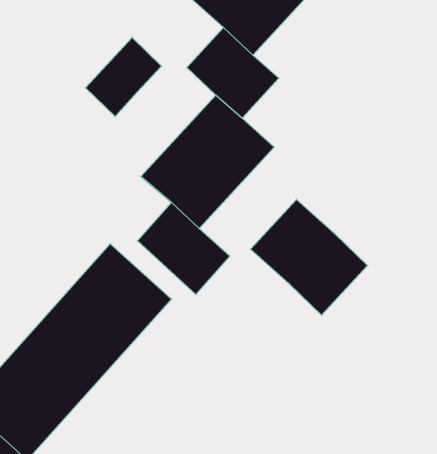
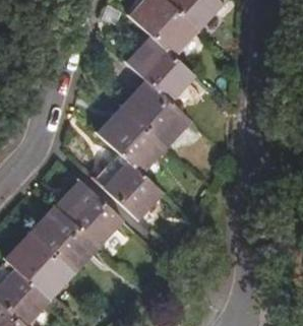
building: [86,38,162,116] -> none
building: [250,199,367,315] -> none

